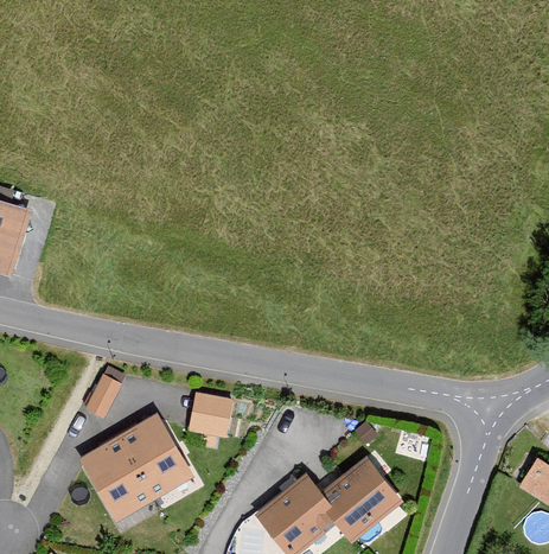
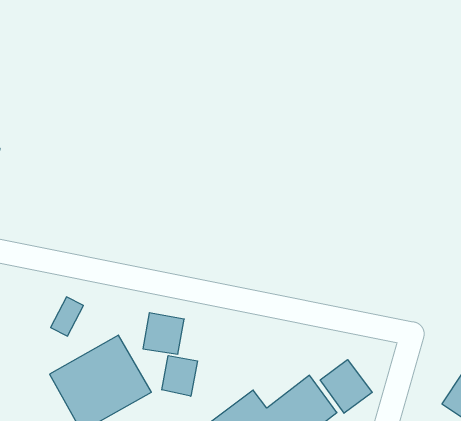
building: none -> [162,356,197,396]
building: none -> [320,360,372,413]

